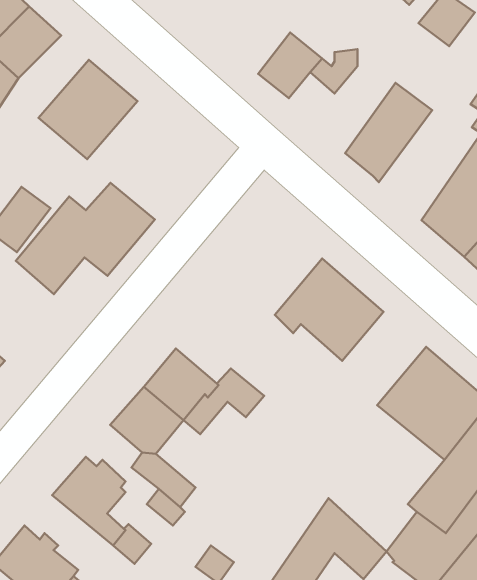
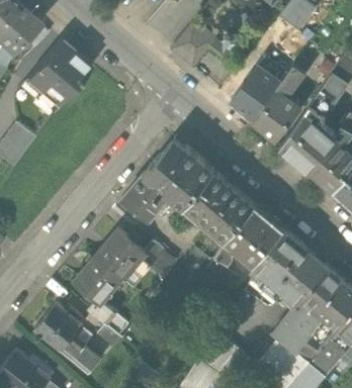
building: none -> [252,65,305,142]
building: [16,183,155,294] -> [122,148,214,221]
building: none -> [215,207,283,269]

